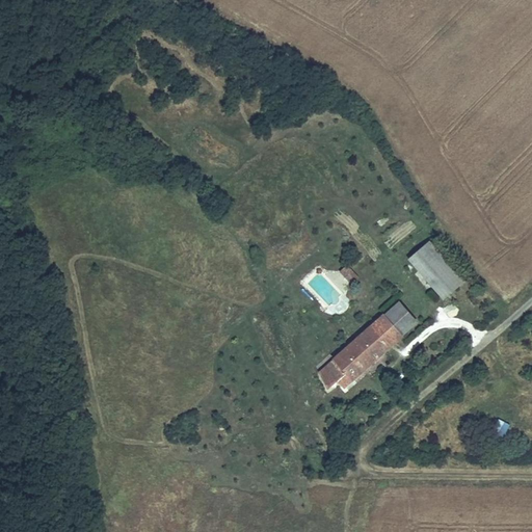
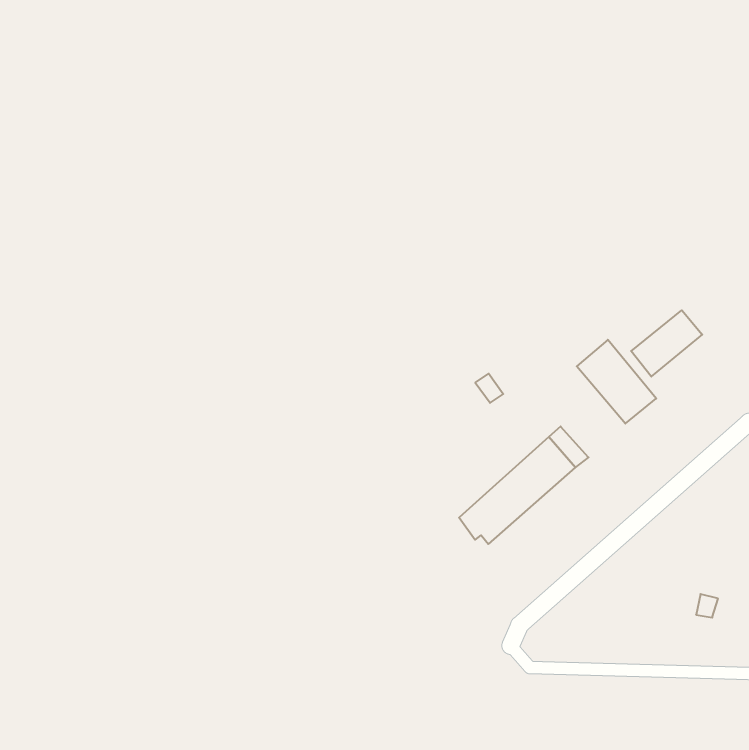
building: none -> [631,310,702,377]

